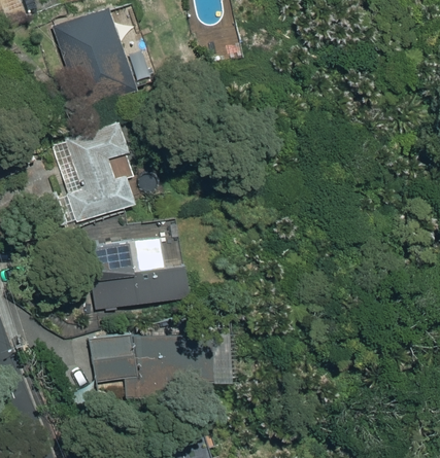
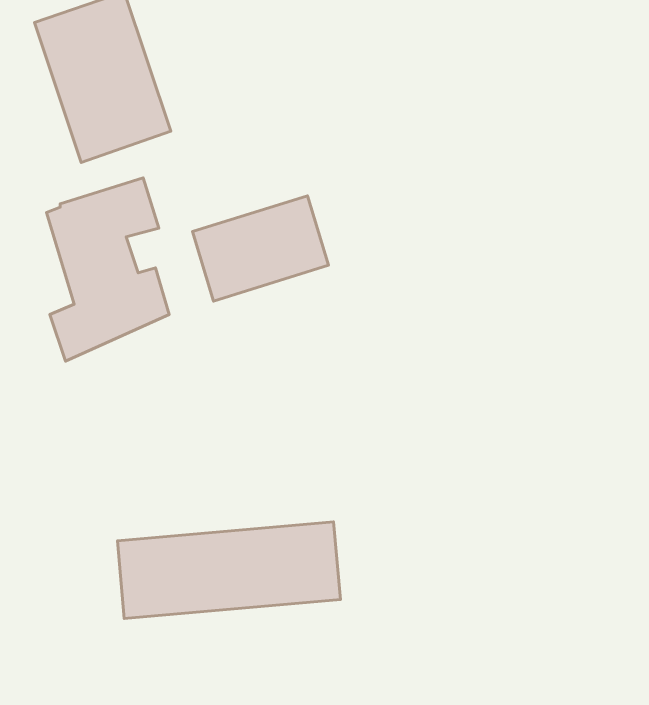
building: none -> [193,196,328,301]
building: [92,234,189,315] -> none

